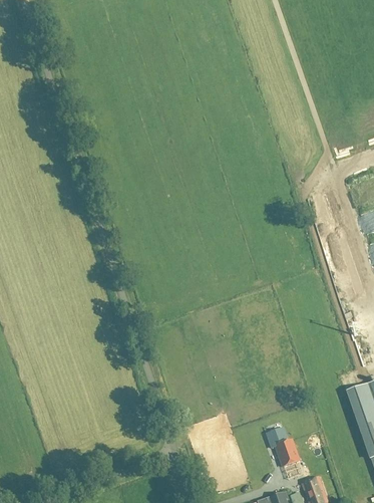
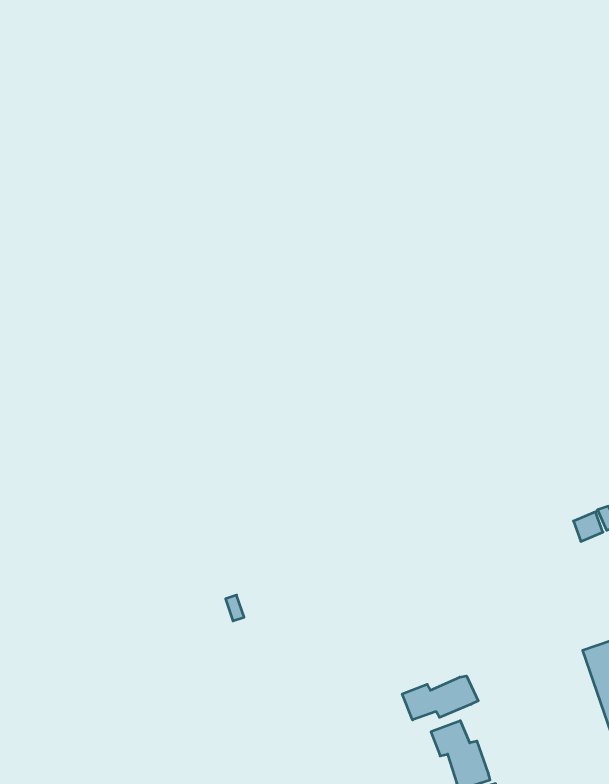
building: none -> [402,676,478,720]

